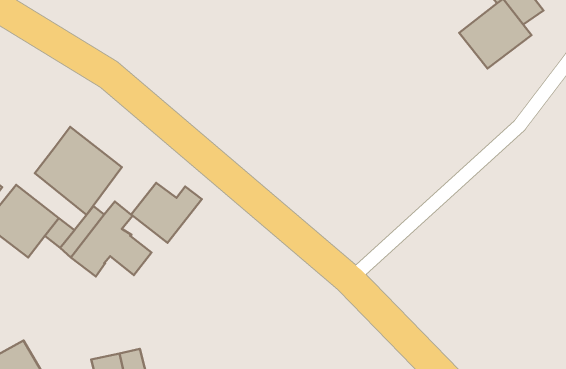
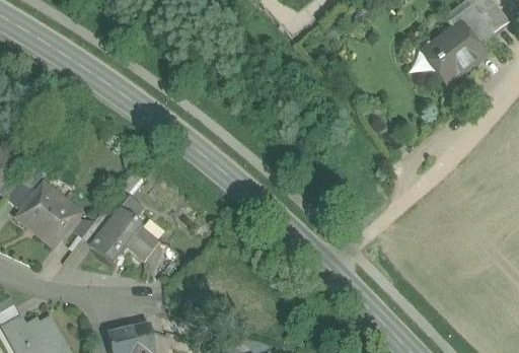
building: [35,127,122,215] -> none
building: [131,183,202,243] -> none

